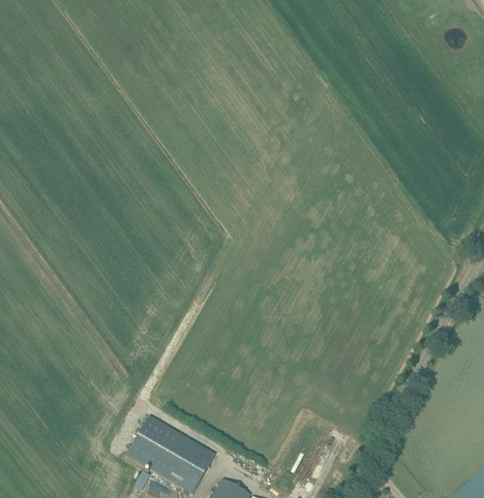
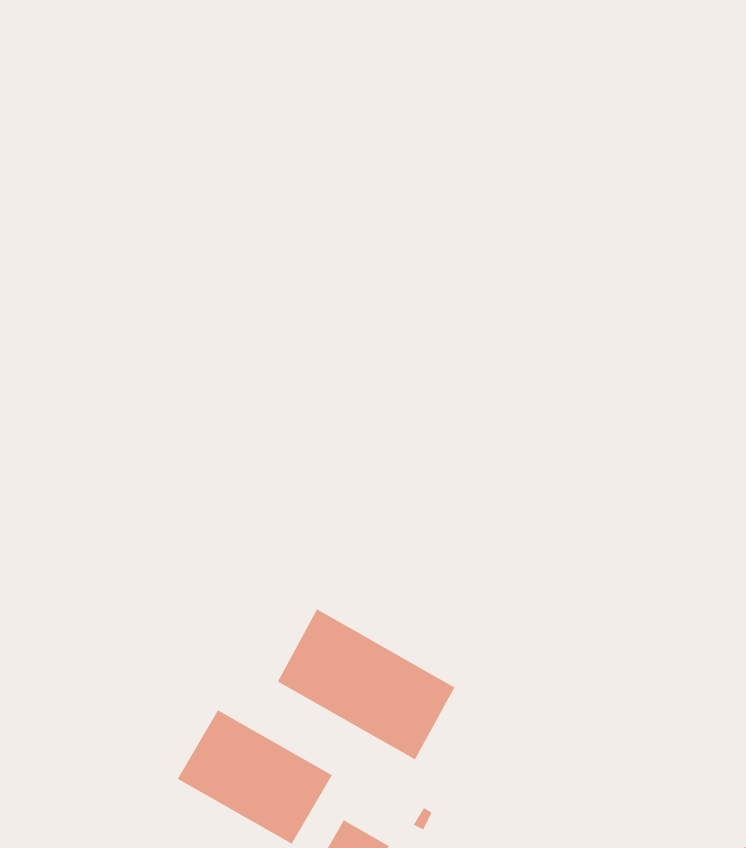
building: none -> [277,609,455,760]

